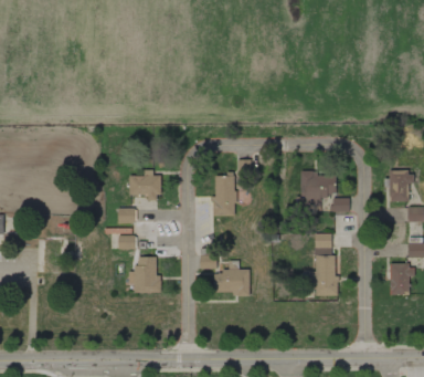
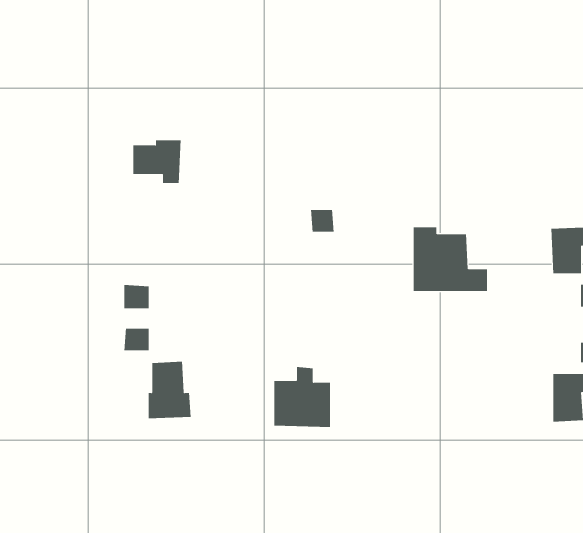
building: [128,171,159,199] -> [133,140,181,183]
building: [212,174,234,214] -> none
building: [311,232,333,297] -> none

